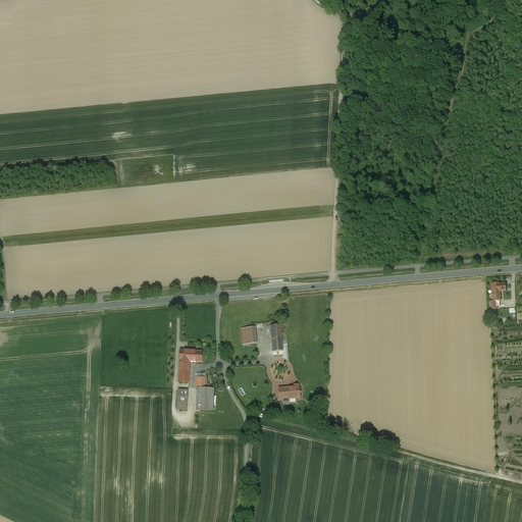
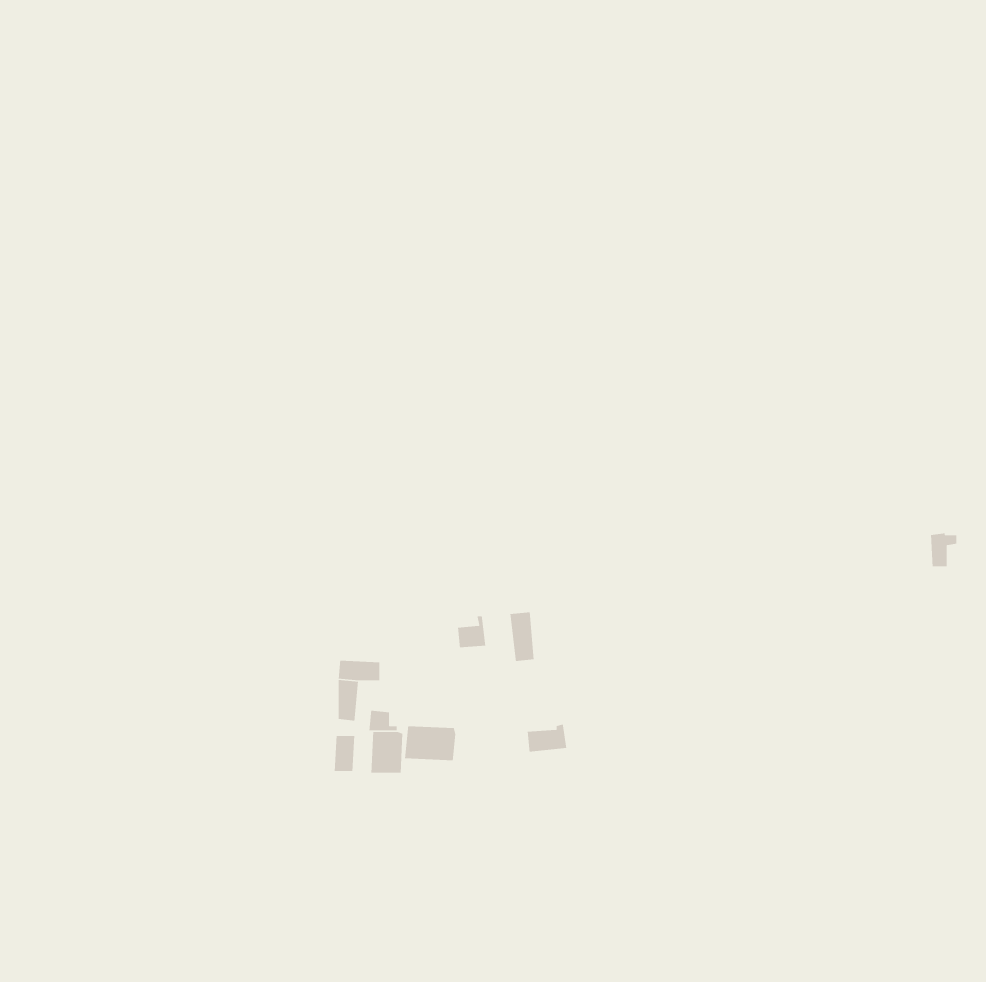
building: none -> [404,725,456,761]

